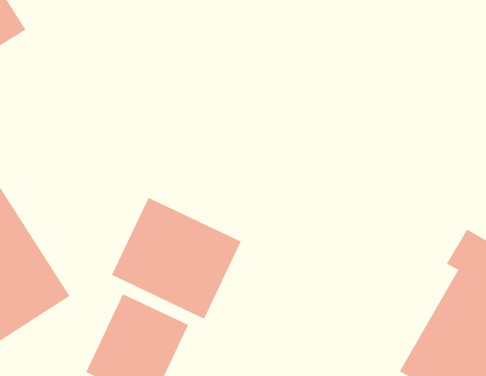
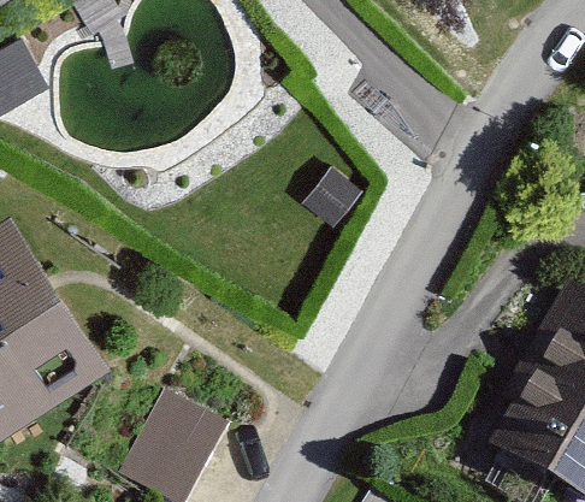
building: [111,197,242,320] -> none

